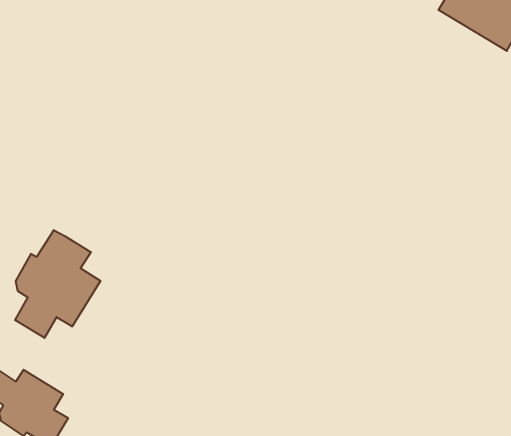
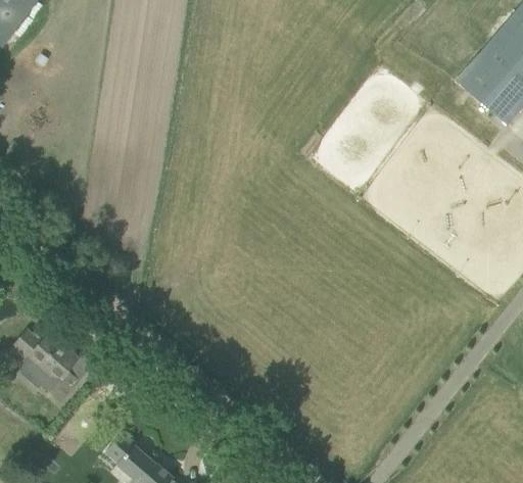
building: [15,230,100,338] -> none

